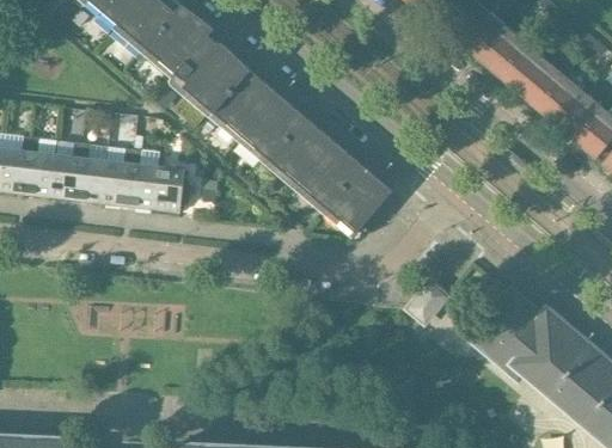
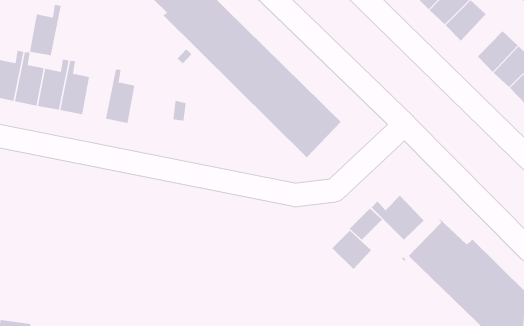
building: [518,59,563,106] -> none
building: [102,148,134,205] -> [29,4,61,56]
building: [153,166,191,213] -> none
building: none -> [371,195,424,240]
building: none -> [332,230,372,270]

